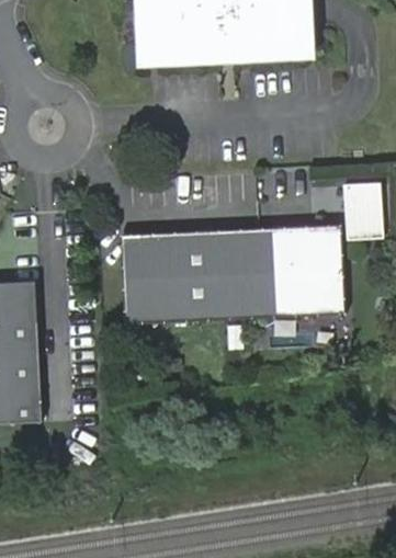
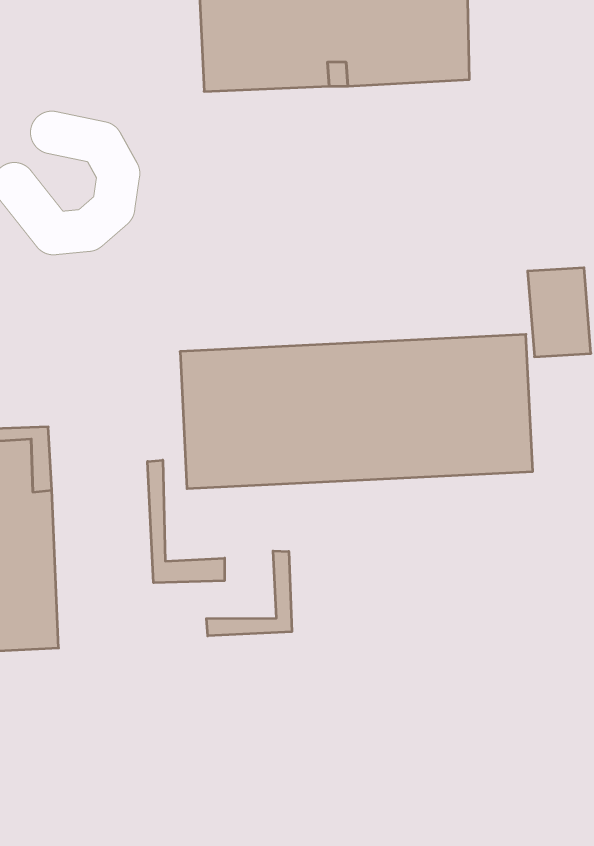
building: none -> [148,460,225,583]
building: none -> [206,551,292,636]

